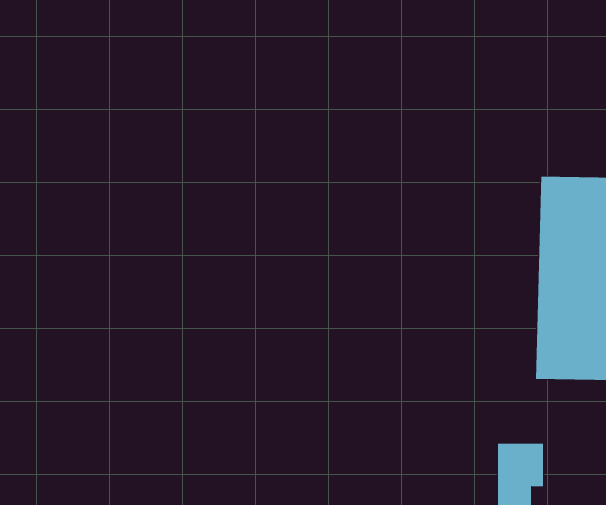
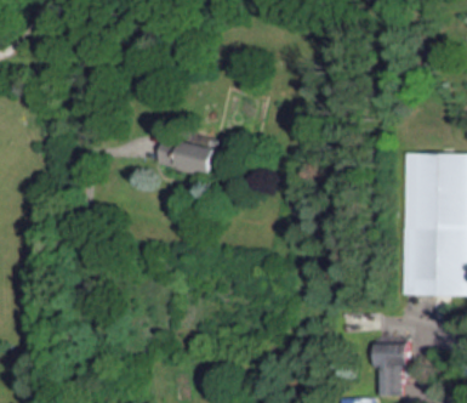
building: none -> [159,136,221,176]

